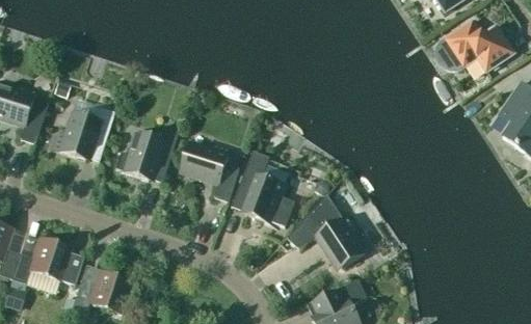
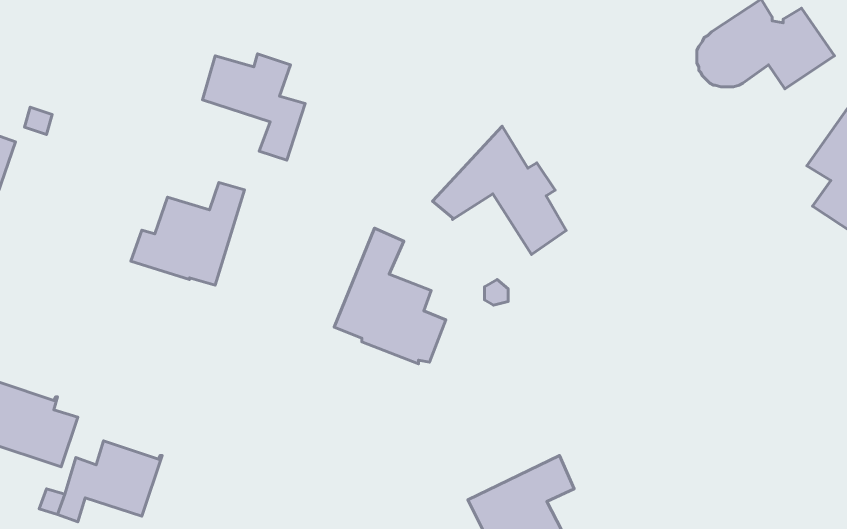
building: [52,107,114,161] -> none
building: [181,140,239,200] -> [202,54,305,160]
building: [286,194,362,267] -> [432,126,566,255]

